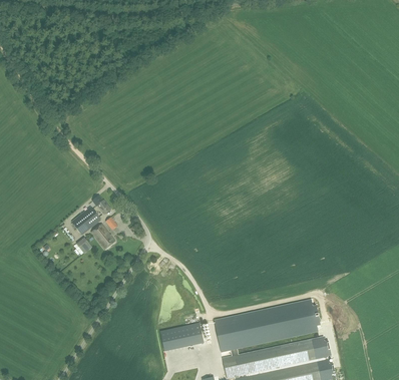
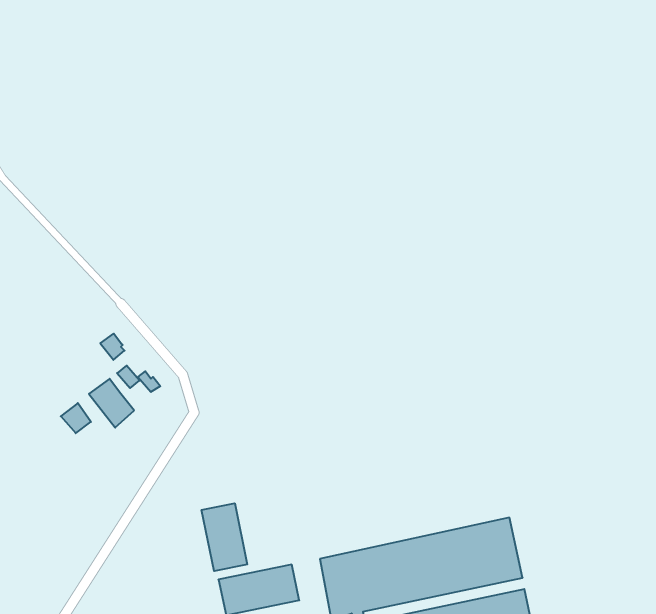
building: [70,207,100,235] -> none
building: none -> [202,503,247,571]

